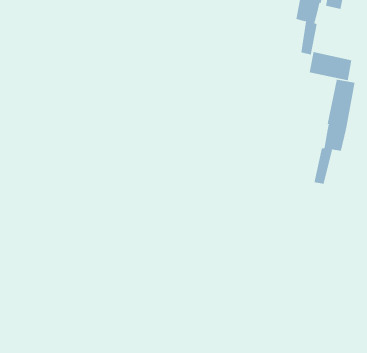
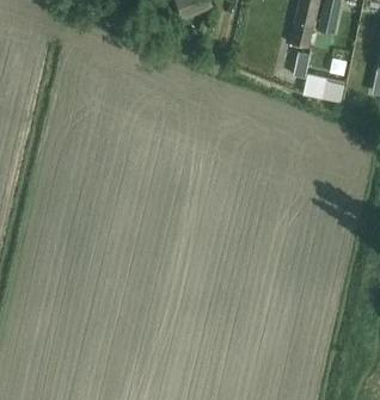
building: [314,79,355,185] -> none

